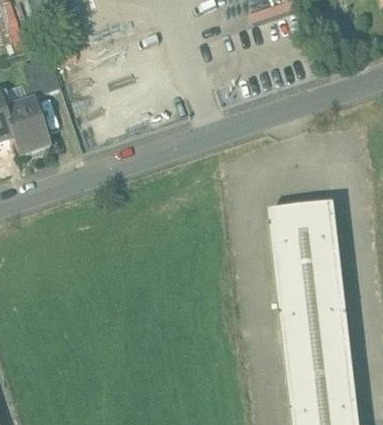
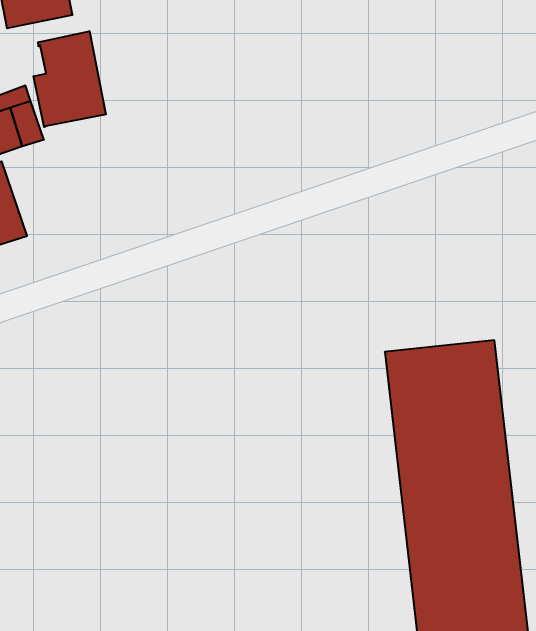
building: none -> [34,31,106,127]

